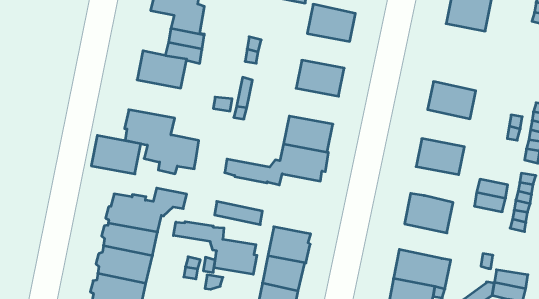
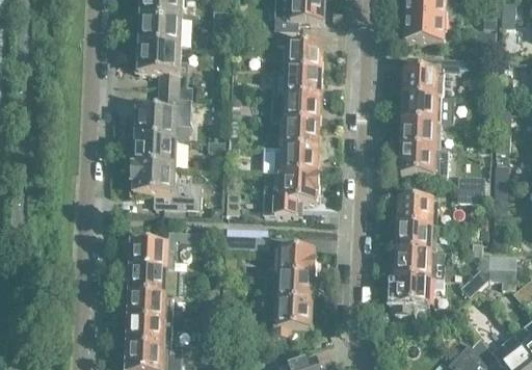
building: none -> [281,70,321,96]
building: none -> [402,57,459,97]
building: none -> [277,121,319,148]
building: none -> [400,121,441,149]
building: [91,135,141,174] -> [134,136,176,165]
building: [173,222,257,274] -> none
building: none -> [396,227,436,253]

